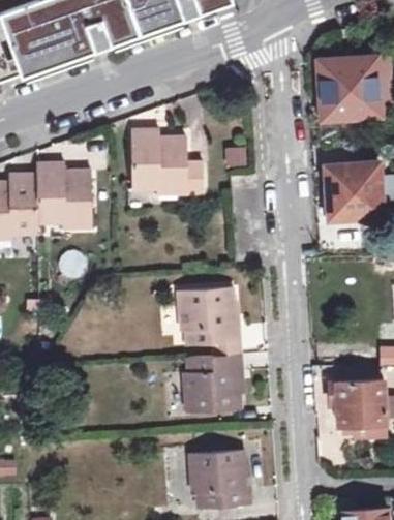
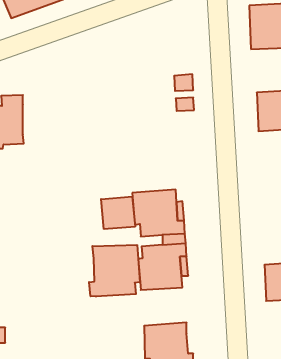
building: [131,129,203,193] -> none
building: [37,159,96,225] -> none
building: none -> [101,197,135,229]
building: none -> [89,245,140,297]

